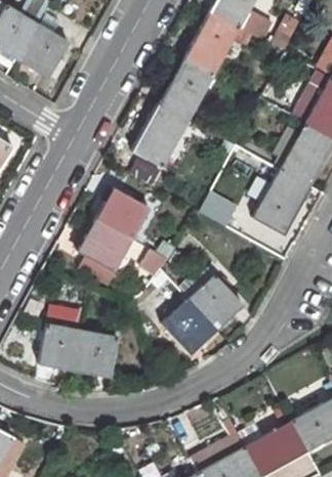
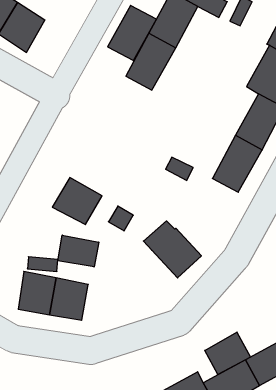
building: [133,105,188,167] -> [108,5,156,61]
building: [96,187,149,238] -> none
building: none -> [58,235,99,267]
building: [161,299,216,355] -> none
building: none -> [205,332,251,375]

